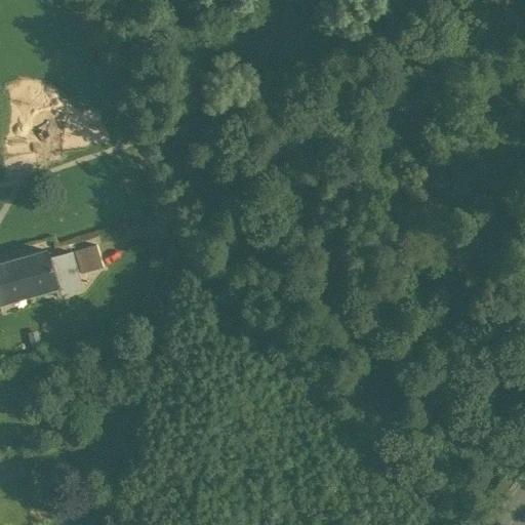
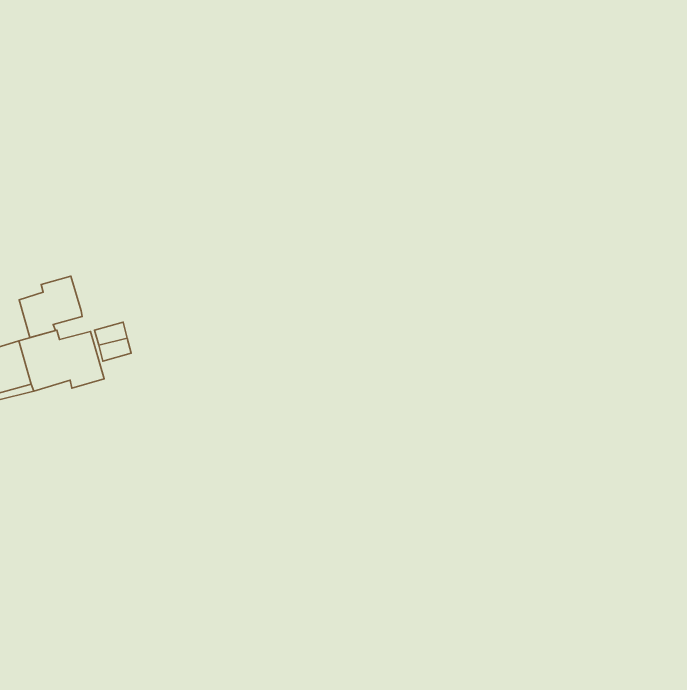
building: none -> [19,276,82,338]

